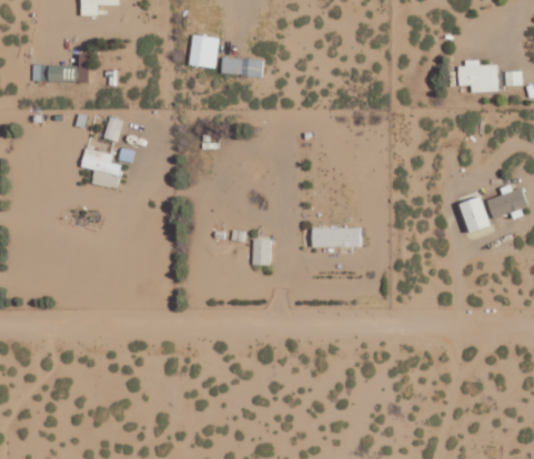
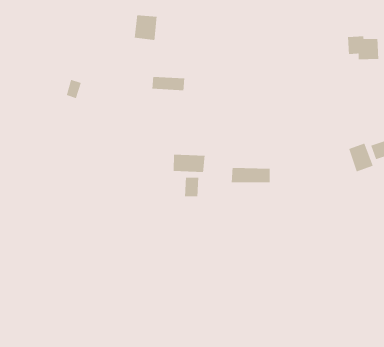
building: [221,57,263,75] -> [152,76,185,91]
building: [80,147,121,188] -> none
building: none -> [173,154,205,173]

